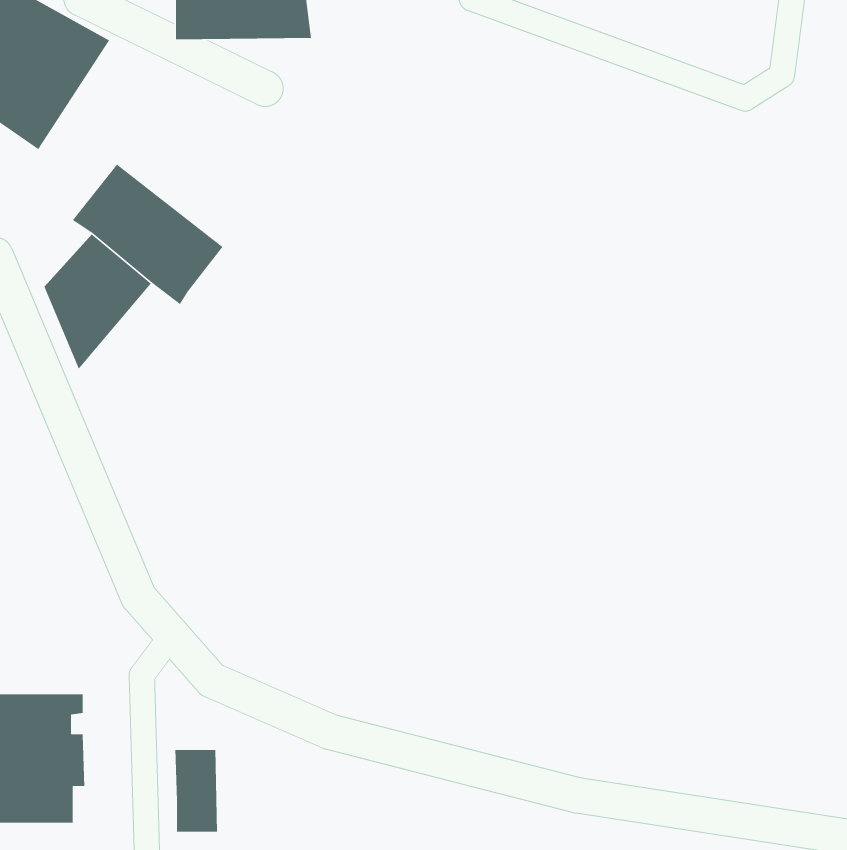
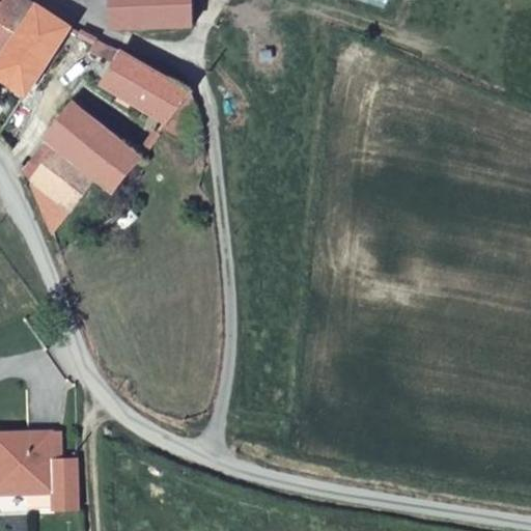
building: none -> [89,40,189,116]
building: [175,749,218,833] -> [52,457,79,509]

